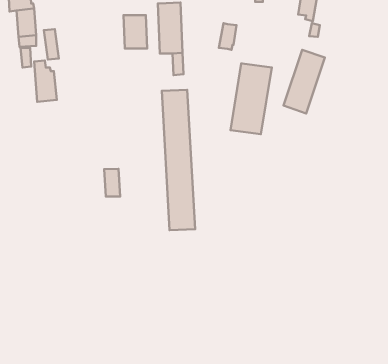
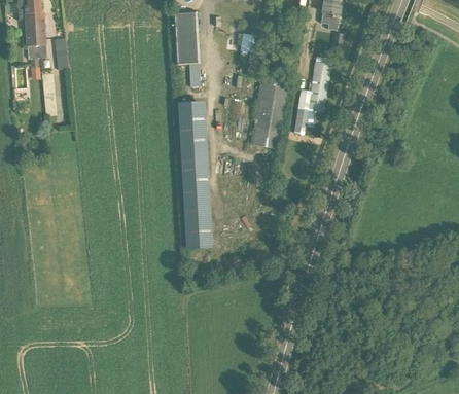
building: [123,15,147,49] -> none
building: [104,169,120,197] -> none

